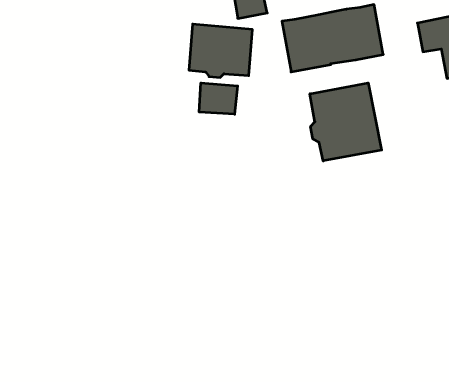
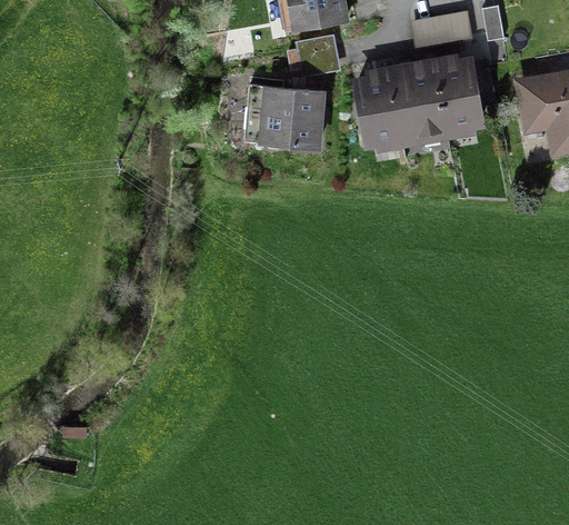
building: [310,83,382,161] -> none
building: [199,83,238,114] -> none

